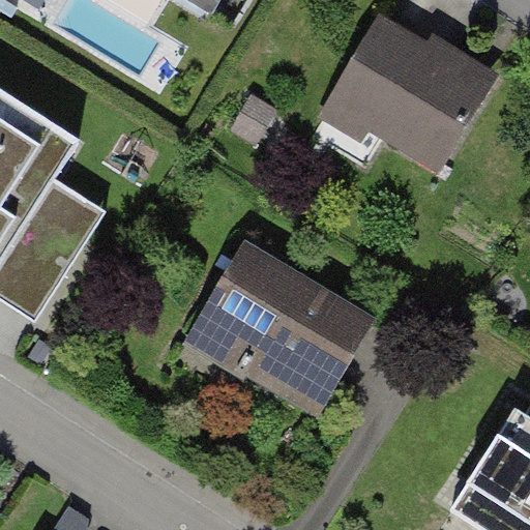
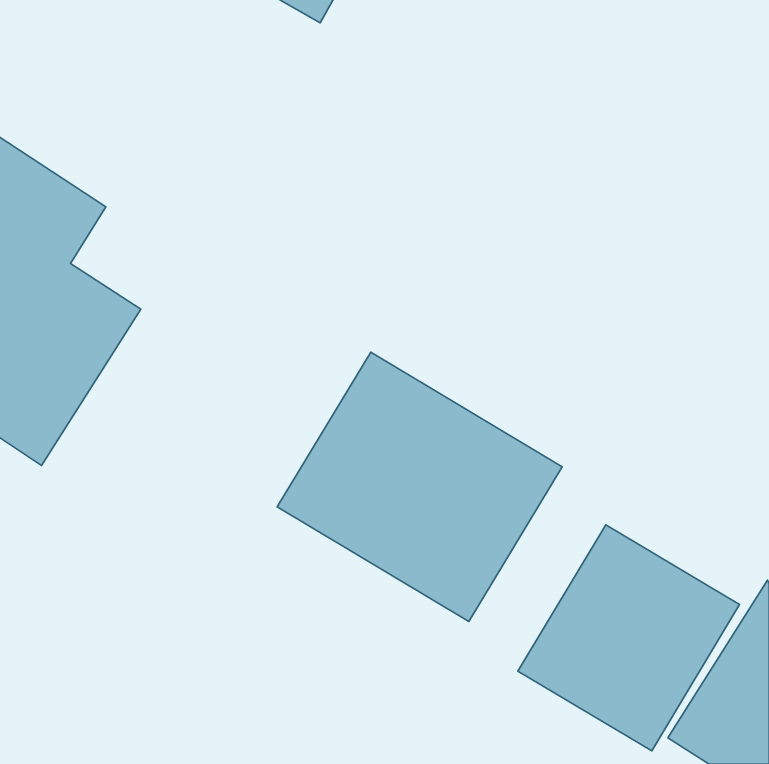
building: [325,11,500,181] -> none
building: none -> [518,525,740,751]

